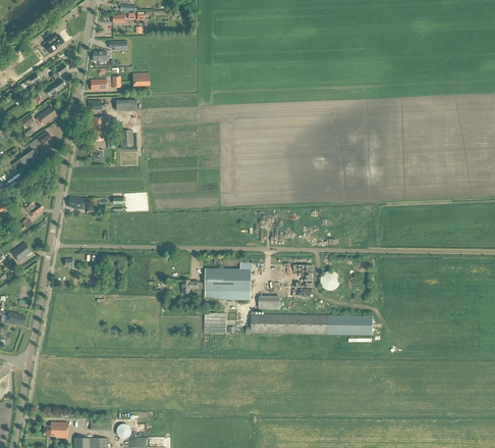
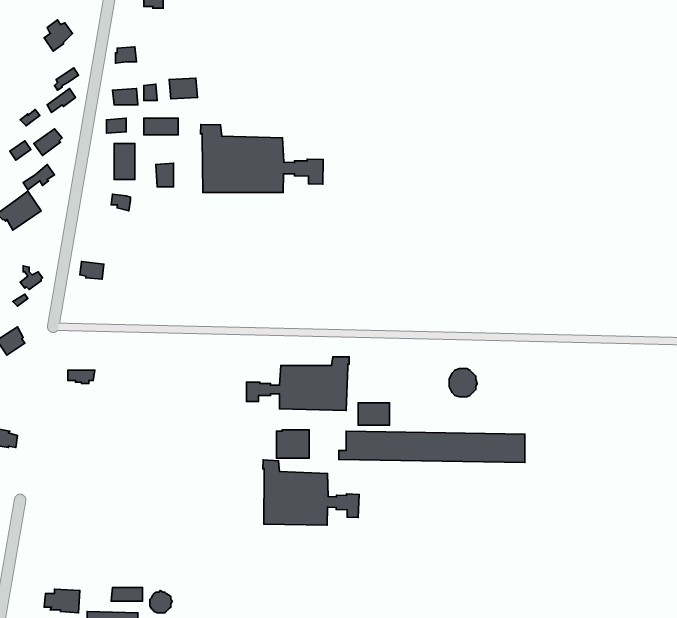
building: none -> [200,124,323,193]
building: none -> [263,460,359,525]

